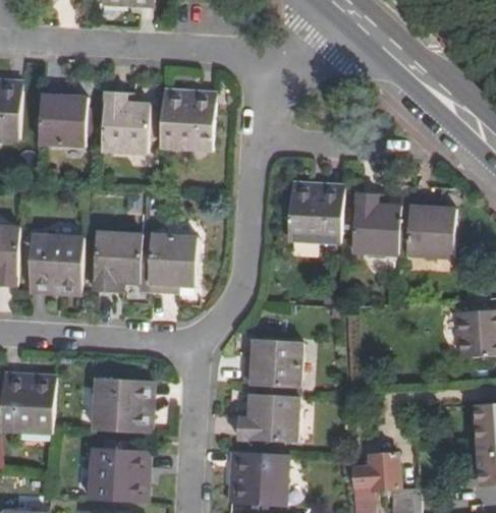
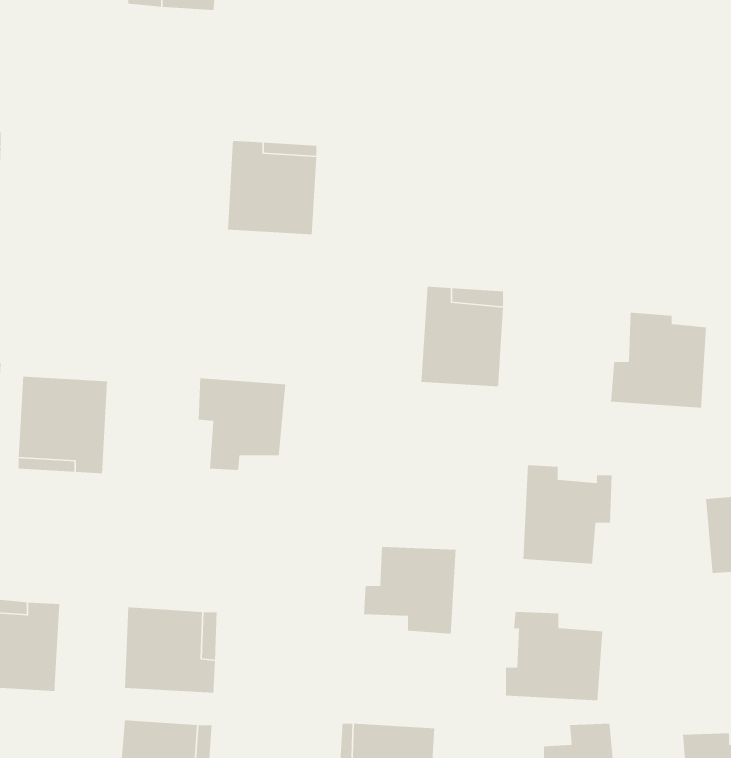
building: [40,89,85,147] -> none
building: [104,93,151,153] -> none
building: [354,189,410,251] -> [522,465,612,564]
building: [94,233,151,293] -> none
building: [238,384,299,440] -> [505,611,603,701]

